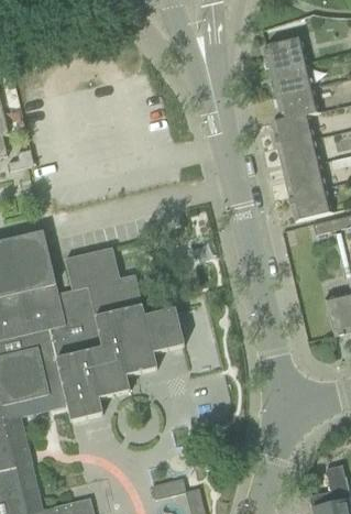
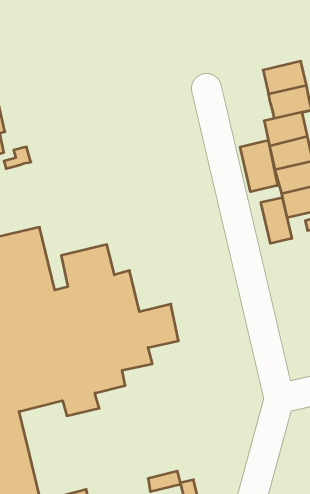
building: [263,37,307,72] -> none
building: none -> [240,140,277,192]
building: none -> [261,197,292,243]

